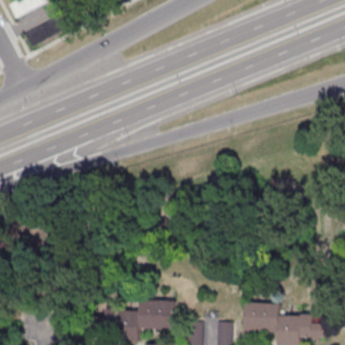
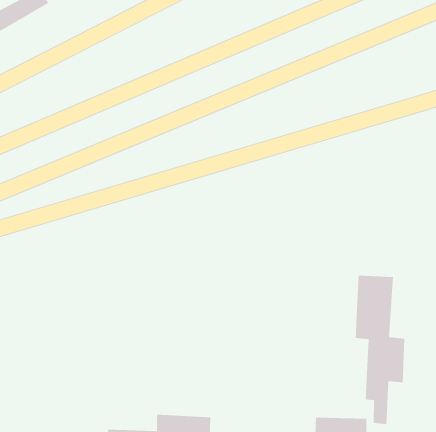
building: none -> [355,275,405,425]

